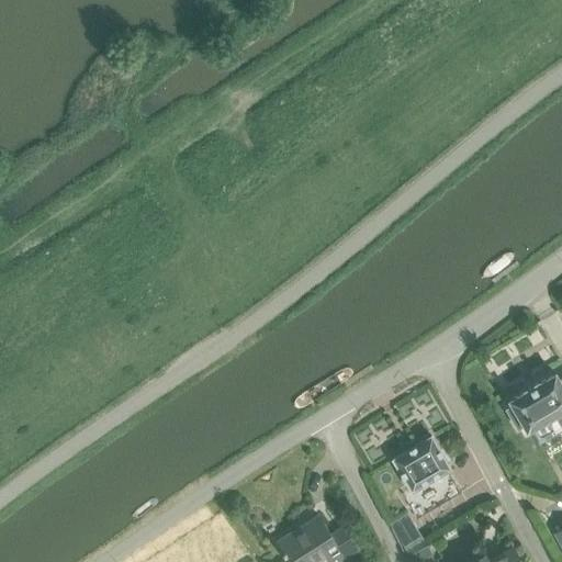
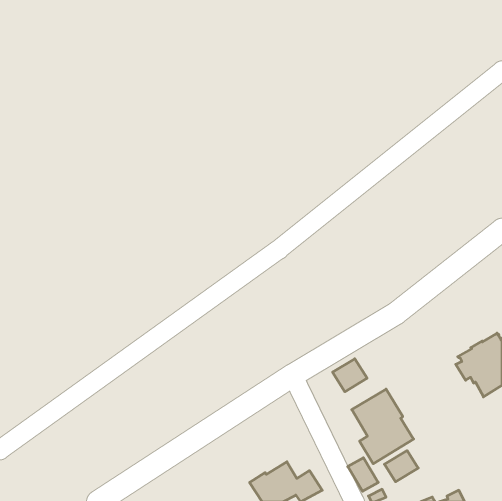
building: none -> [333,359,367,392]
building: none -> [384,451,418,482]

